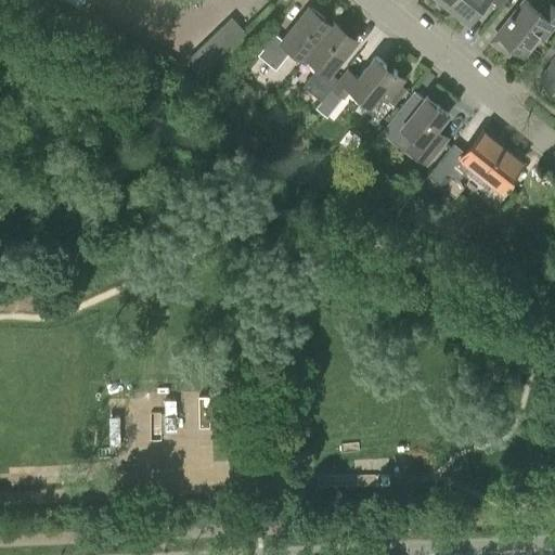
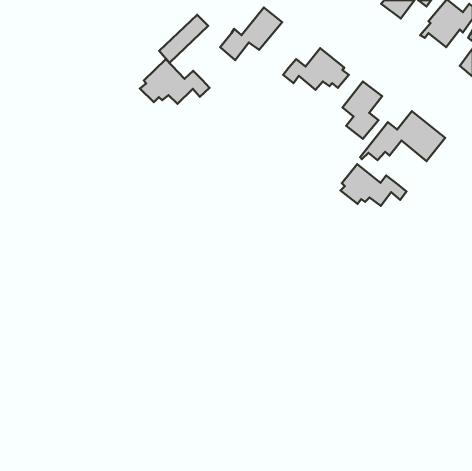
building: [304,25,357,103] -> none
building: none -> [140,59,209,104]
building: none -> [341,164,406,206]

